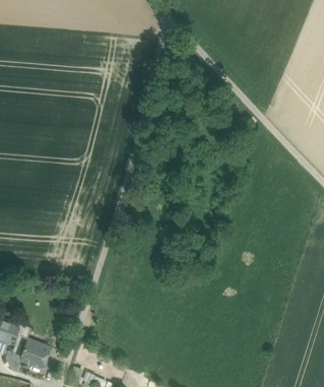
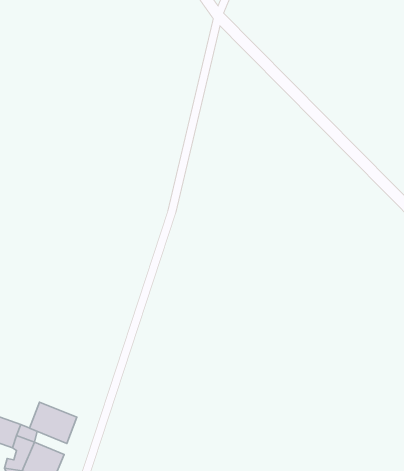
building: none -> [30,402,77,443]

